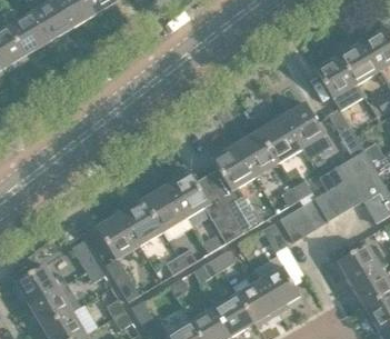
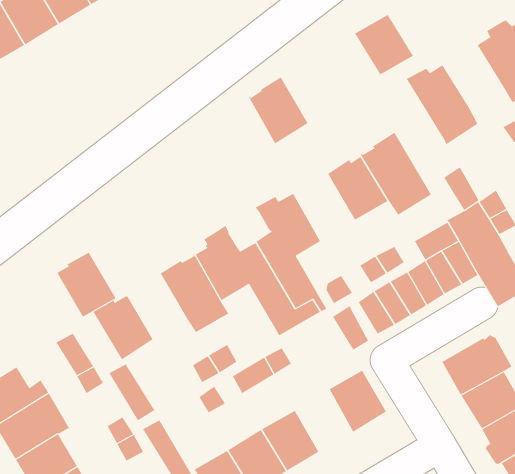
building: [339,41,380,83] -> [354,14,414,75]
building: [236,130,278,177] -> [247,77,309,144]
building: [120,199,162,245] -> [55,252,116,318]
building: [237,270,277,326] -> none

